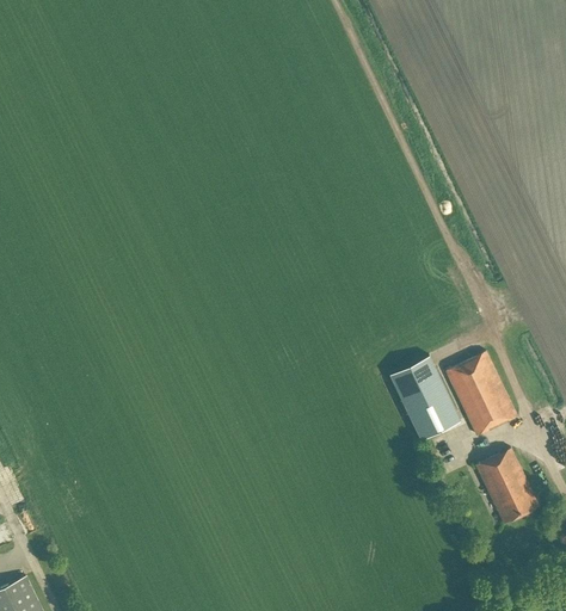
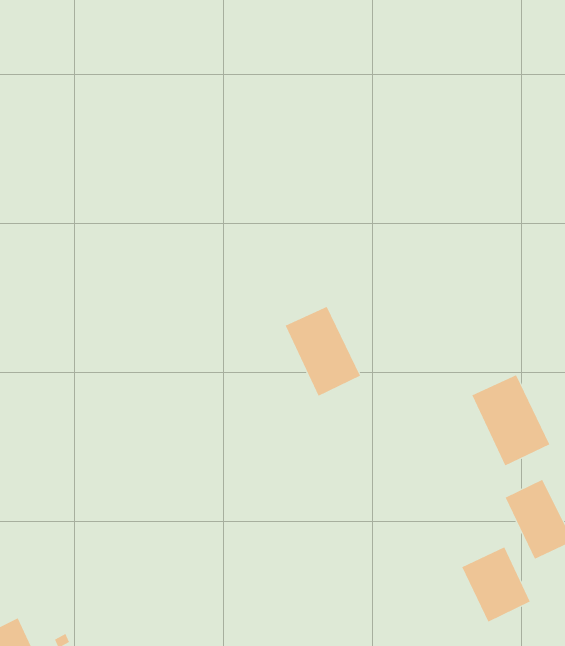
building: [389,357,460,440] -> [285,306,361,397]
building: none -> [461,546,530,623]

